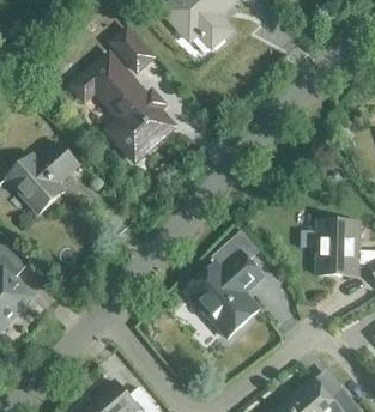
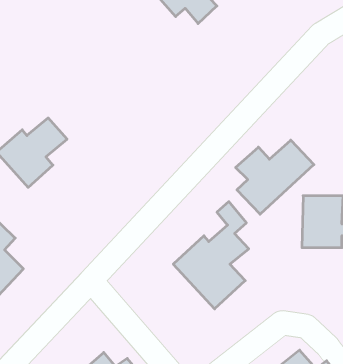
building: [111,28,152,71] -> none
building: [73,54,173,159] -> none
building: none -> [236,140,314,214]

